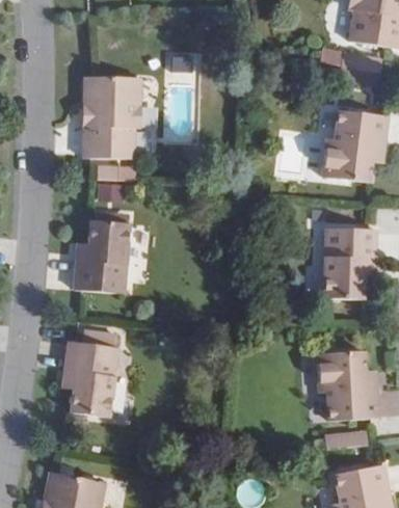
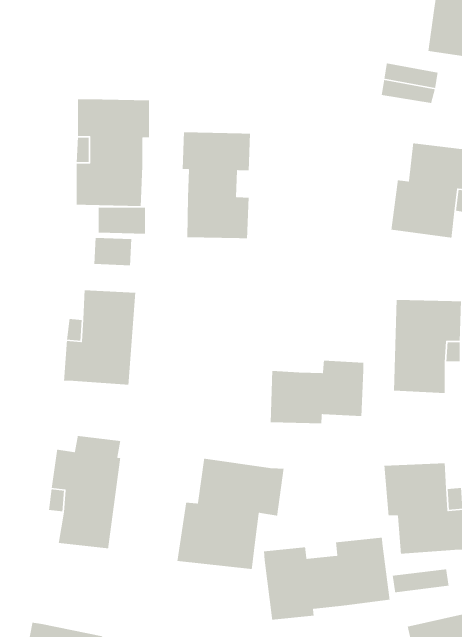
building: none -> [182,132,251,239]
building: none -> [270,360,364,424]
building: none -> [176,458,284,570]
building: none -> [263,537,390,621]

